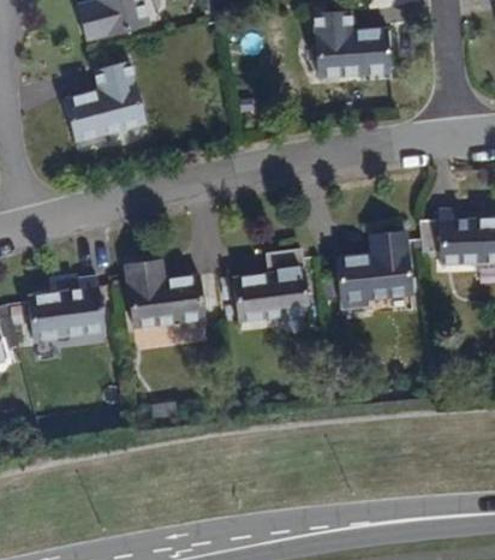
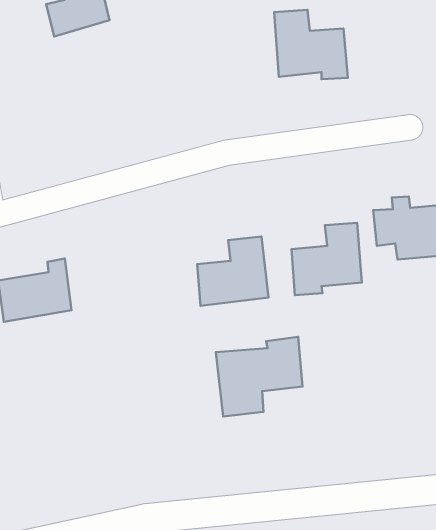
building: [62,61,143,149] -> none
building: [125,262,203,329] -> none
building: none -> [216,337,302,417]

